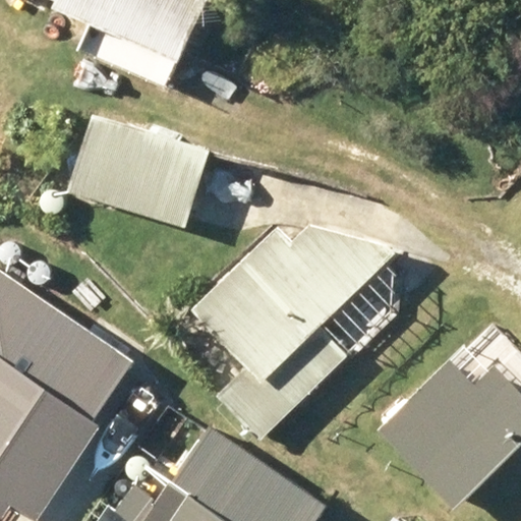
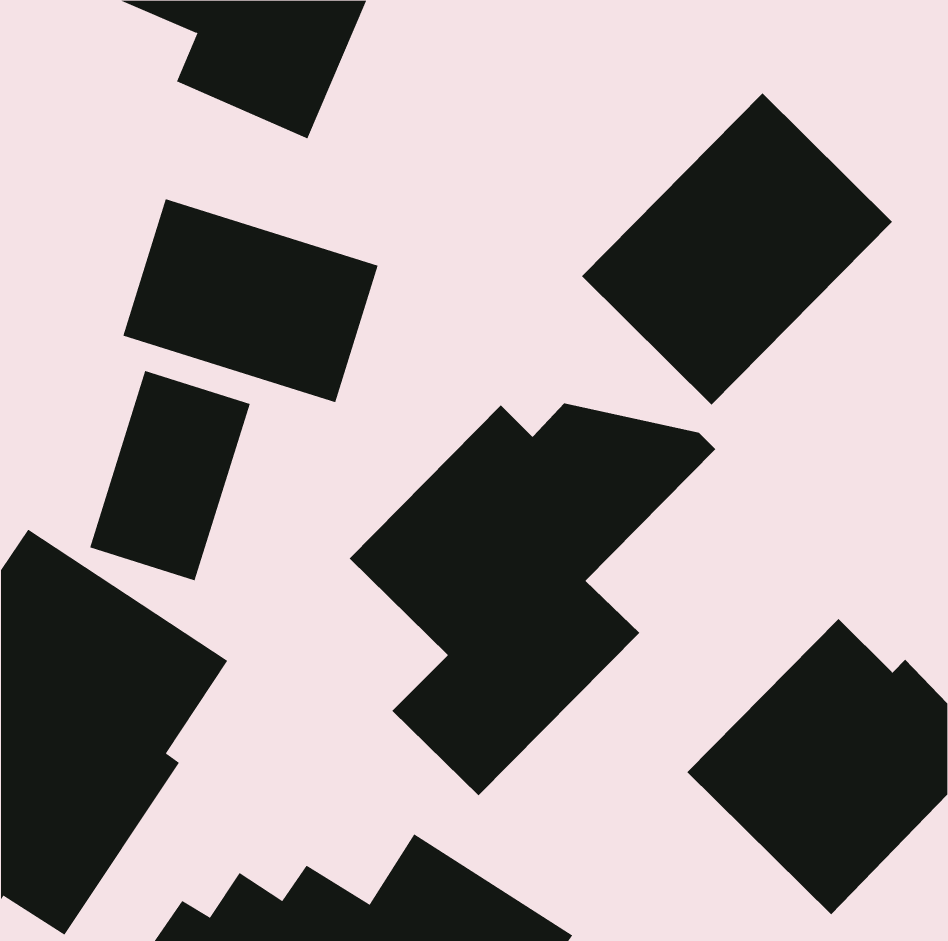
building: none -> [581,92,893,405]
building: none -> [89,370,250,581]

